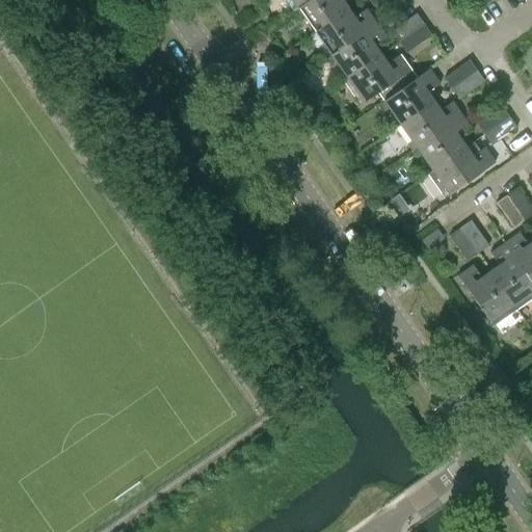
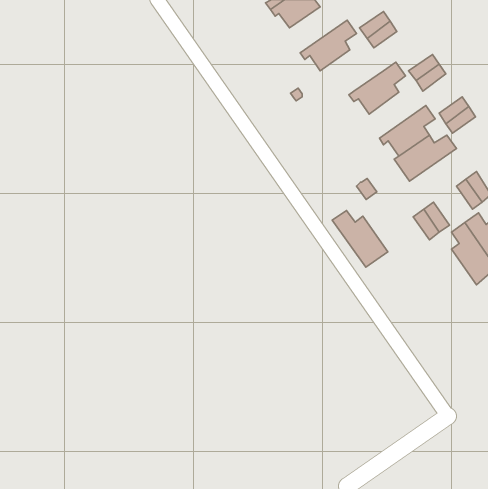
building: [316,7,378,57] -> none
building: [344,53,418,104] -> none
building: [402,100,463,150] -> none
building: [458,264,518,325] -> [332,211,388,267]

